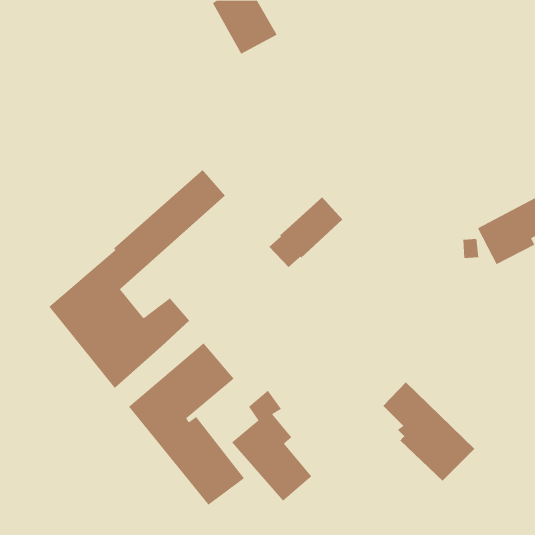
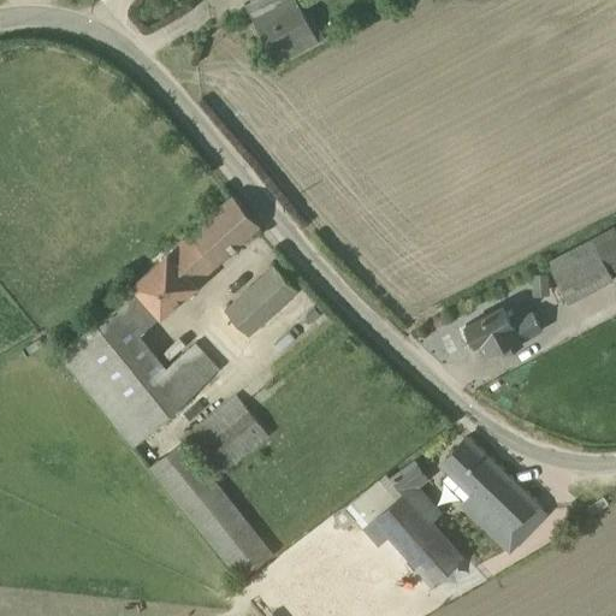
building: [269,197,343,268] -> [213,266,298,348]
building: none -> [466,307,544,355]
building: [231,390,312,501] -> [373,460,466,587]

